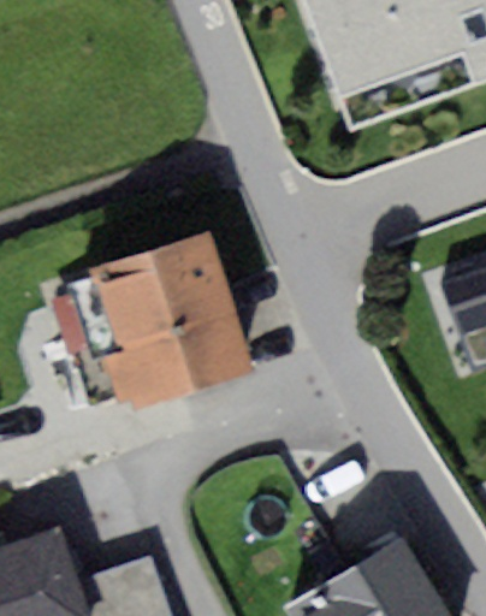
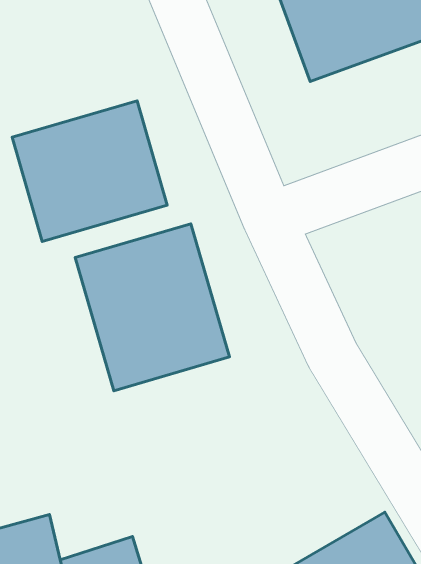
building: none -> [12,101,167,241]

